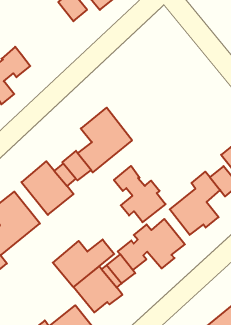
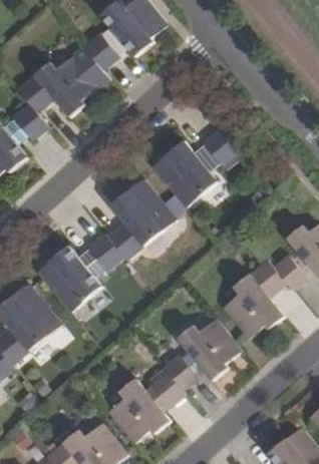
building: none -> [16,54,98,116]
building: none -> [150,127,238,206]
building: [114,166,166,222] -> none
building: [53,239,114,287] -> none

